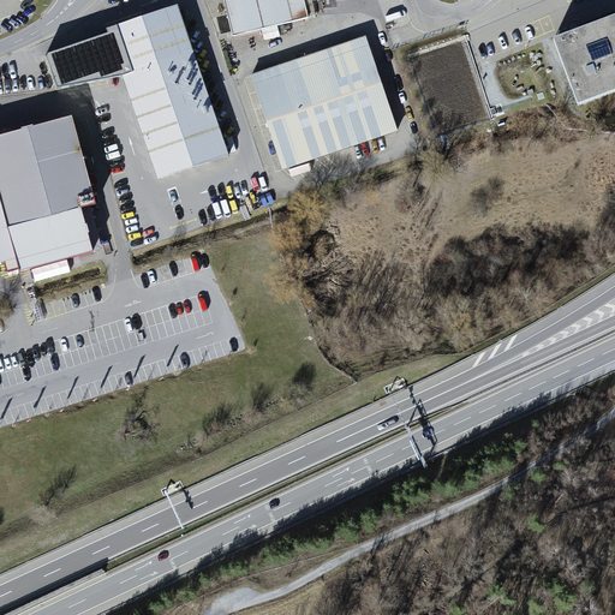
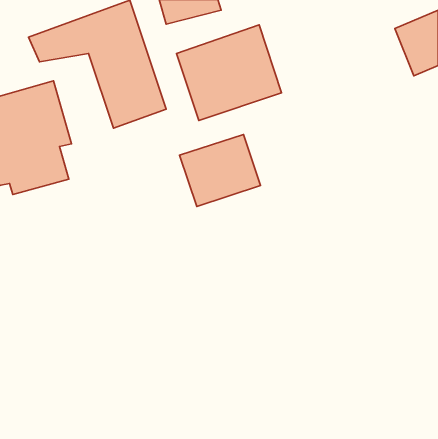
building: none -> [180,134,261,207]

